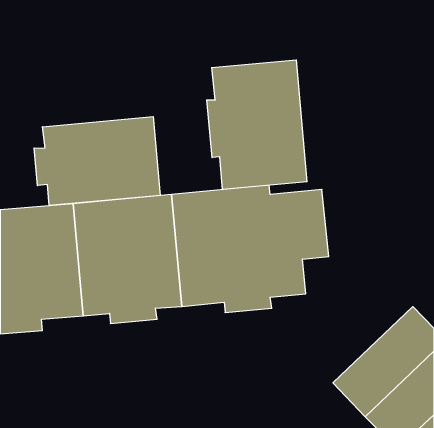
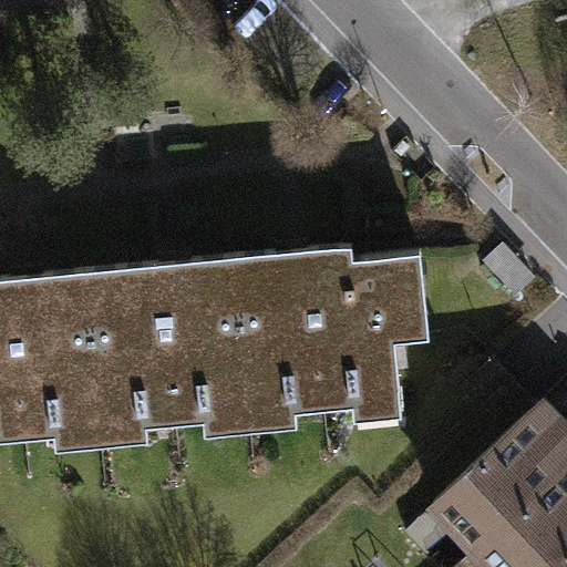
building: [207,60,307,189] -> none
building: [34,117,160,206] -> none

